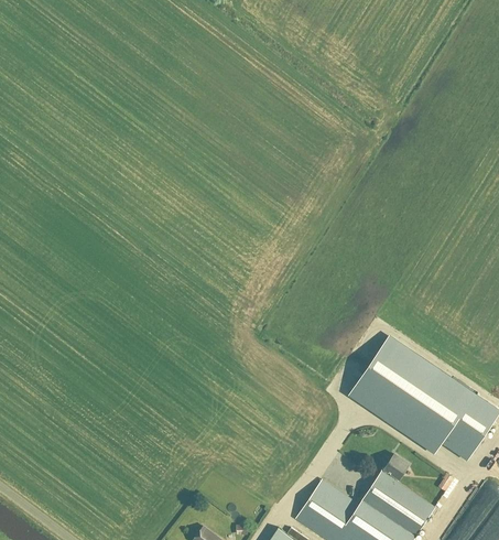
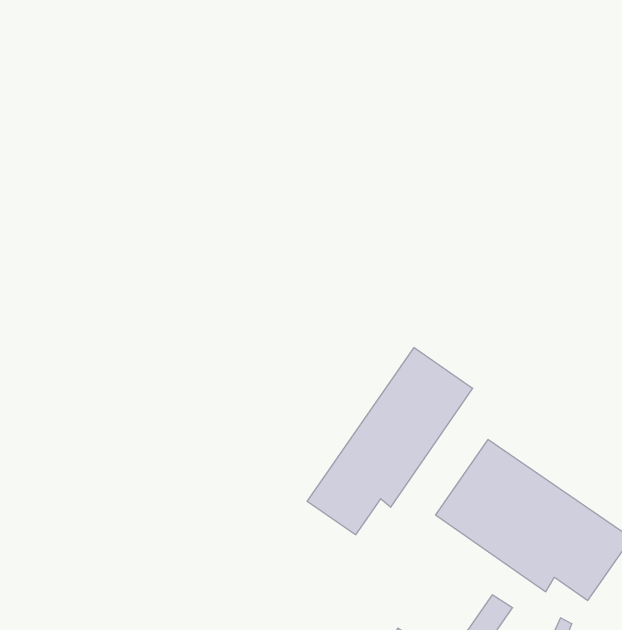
building: none -> [307,348,473,535]

